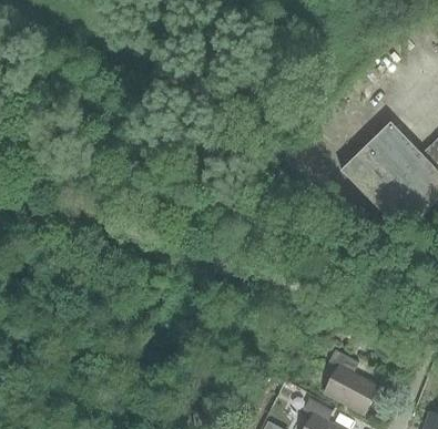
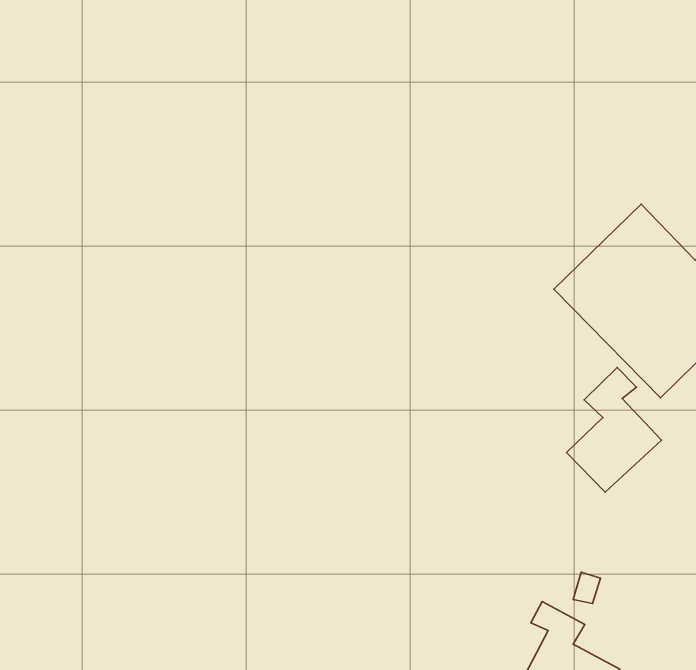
building: none -> [567,367,662,492]

